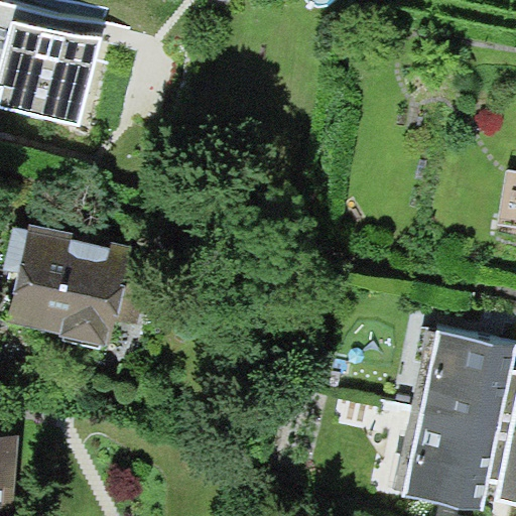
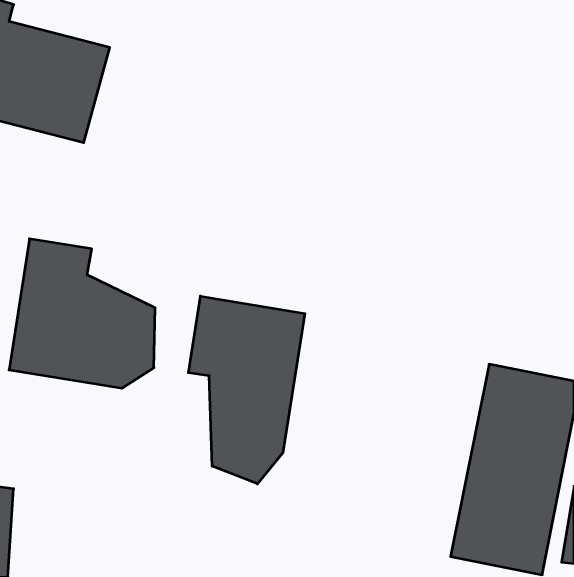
building: none -> [188,296,305,484]

